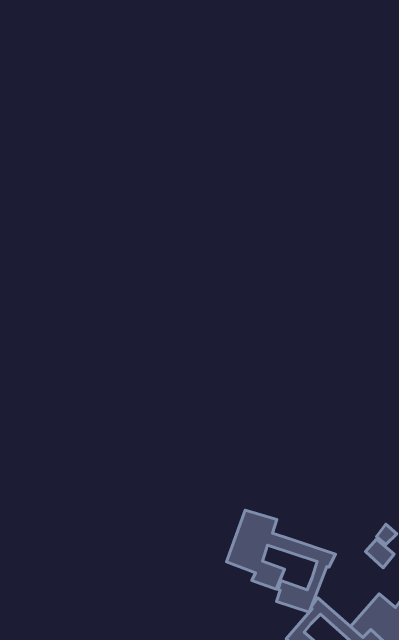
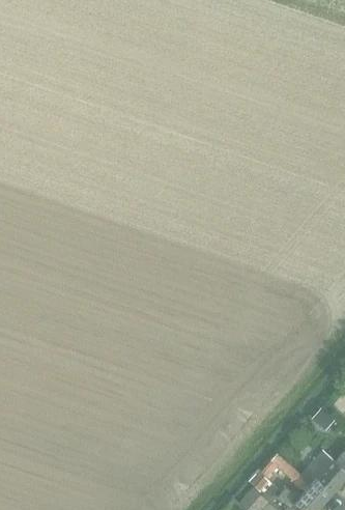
building: [226,510,335,612] -> none

